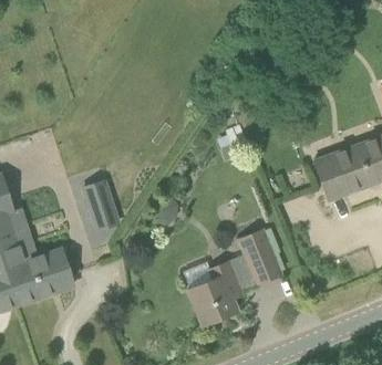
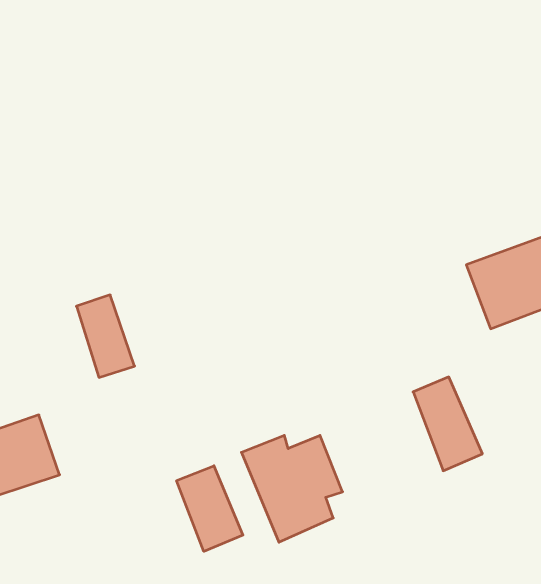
building: [239,230,280,285] -> [413,377,482,471]
building: none -> [177,466,243,551]

